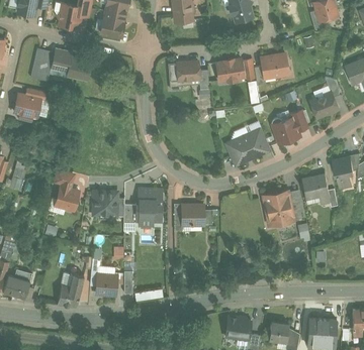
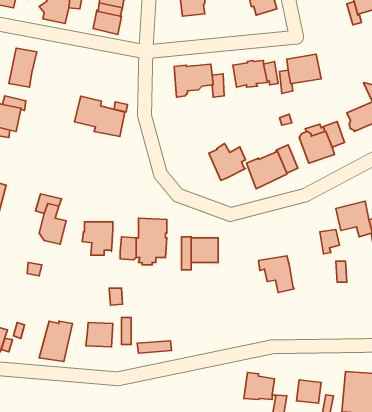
building: [50,47,91,81] -> [75,96,125,137]
building: none -> [209,144,246,181]
building: [262,193,291,223] -> [259,256,294,292]

